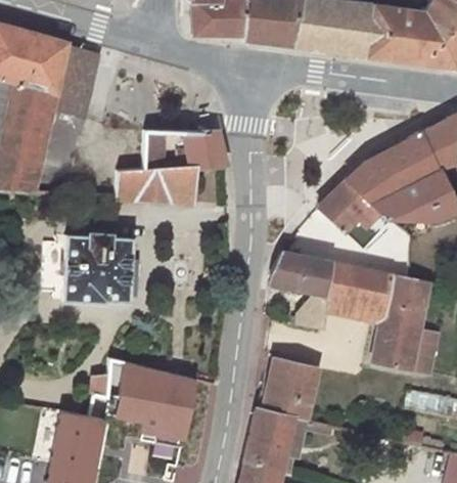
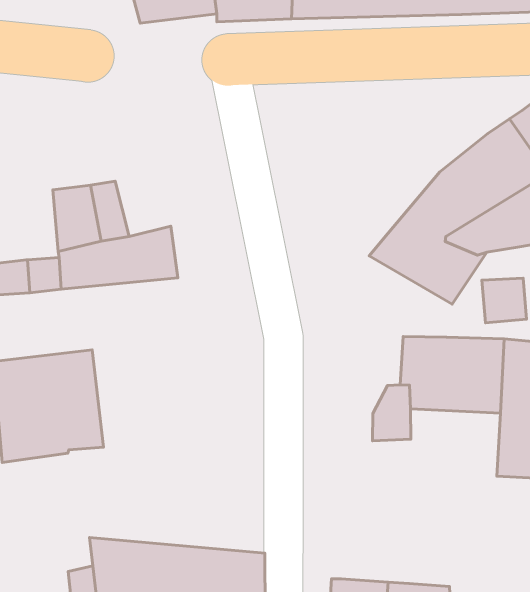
building: [181,130,223,166] -> none
building: [271,252,329,292] -> none
building: [264,357,318,420] -> none

